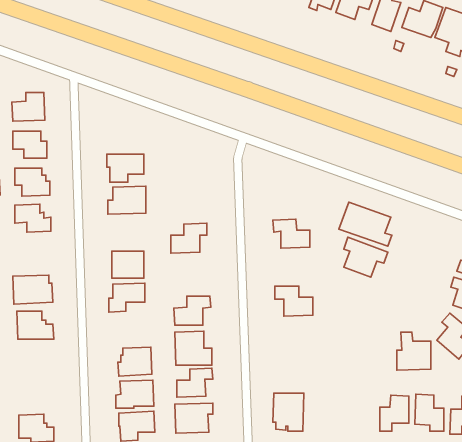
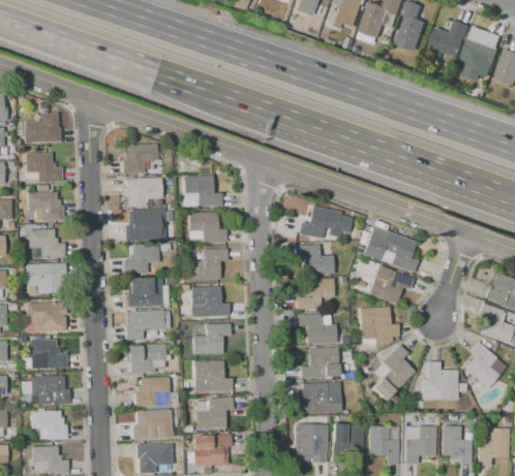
building: none -> [121,145,156,173]
building: none -> [184,176,222,205]
building: none -> [298,207,352,239]
building: none -> [188,212,226,243]
building: none -> [123,246,157,272]
building: none -> [27,263,67,293]
building: none -> [293,279,333,309]
building: none -> [191,287,230,317]
building: none -> [359,307,399,344]
building: none -> [127,344,165,373]
building: none -> [372,345,415,401]
building: none -> [299,348,338,379]
building: none -> [31,376,69,405]
building: none -> [298,383,340,413]
building: none -> [31,411,67,439]
building: none -> [332,424,362,457]
building: none -> [369,426,398,465]

